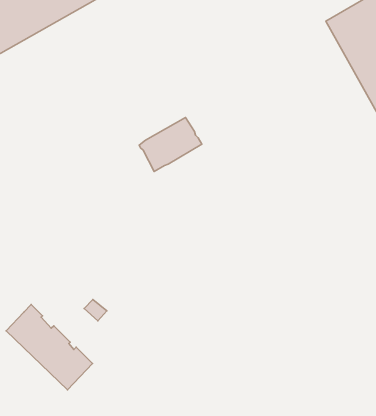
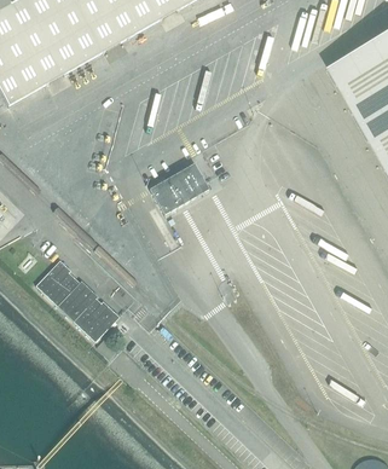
building: [6,304,93,390] -> [37,257,121,340]

